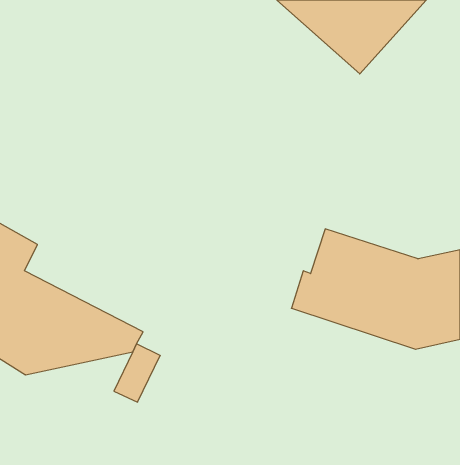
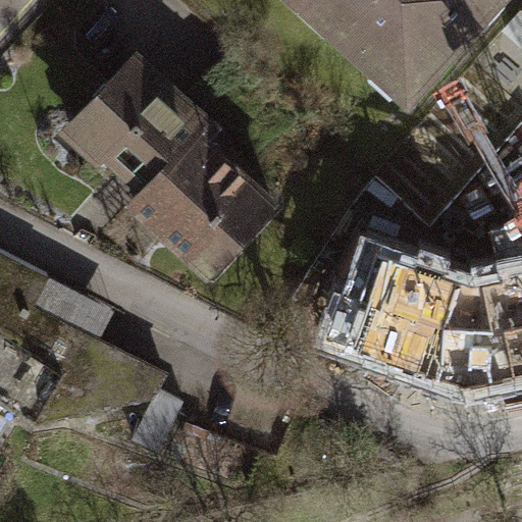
building: none -> [71,53,269,270]

